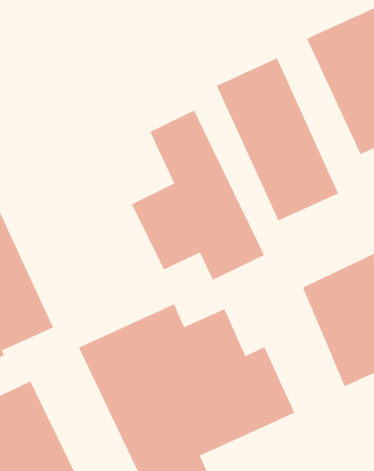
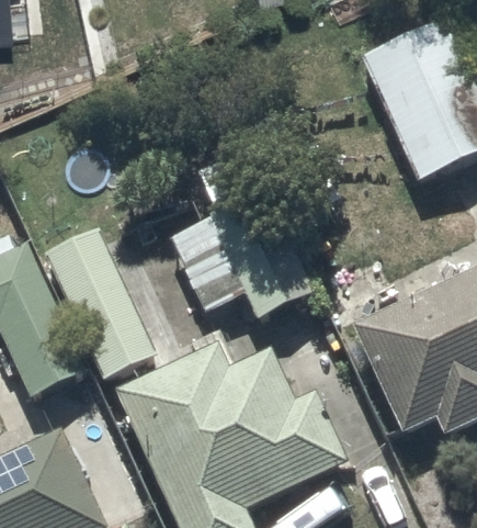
building: [216,57,339,221] -> none
building: none -> [46,225,160,380]

